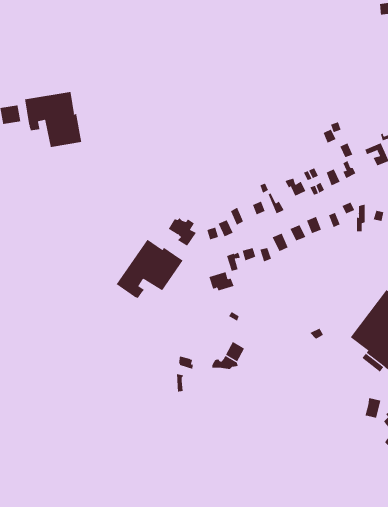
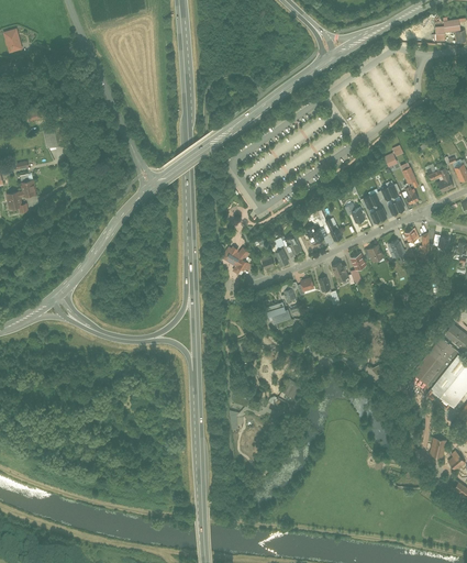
building: [25,91,82,148] -> none
building: [116,239,183,299] -> none

